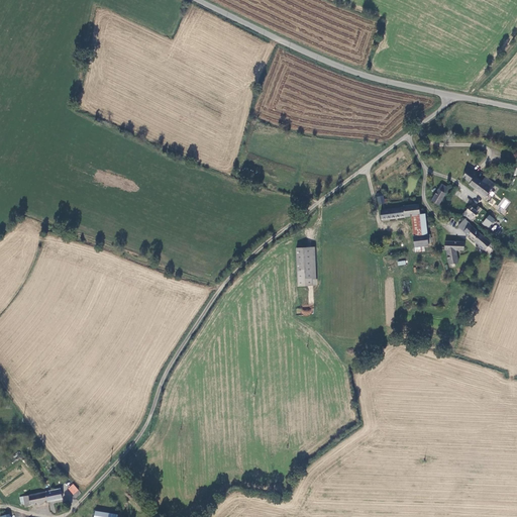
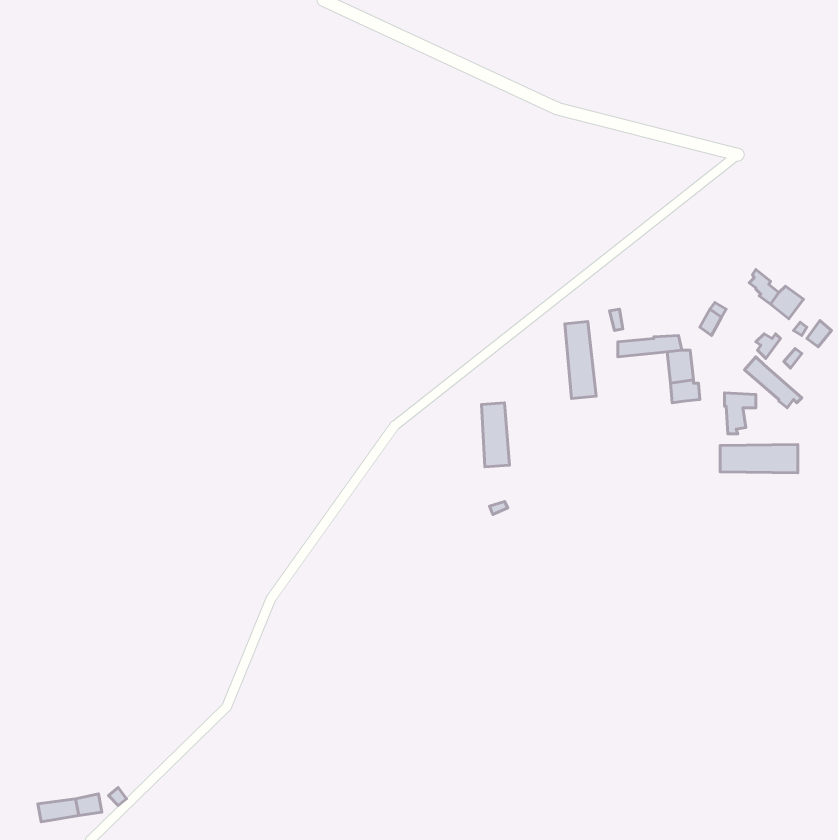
building: none -> [565,322,596,399]
building: none -> [720,444,798,473]

